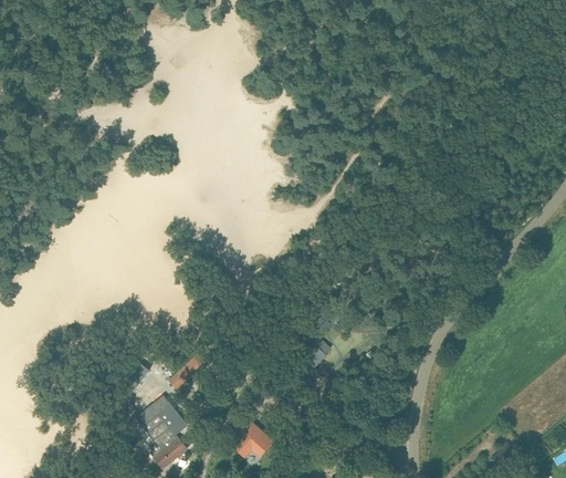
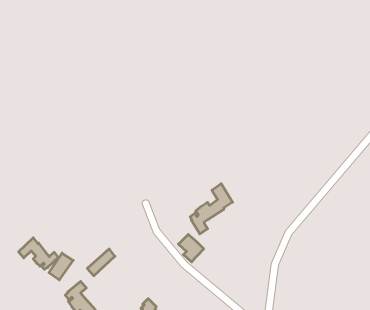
building: none -> [190,184,233,234]
building: none -> [19,238,58,269]

